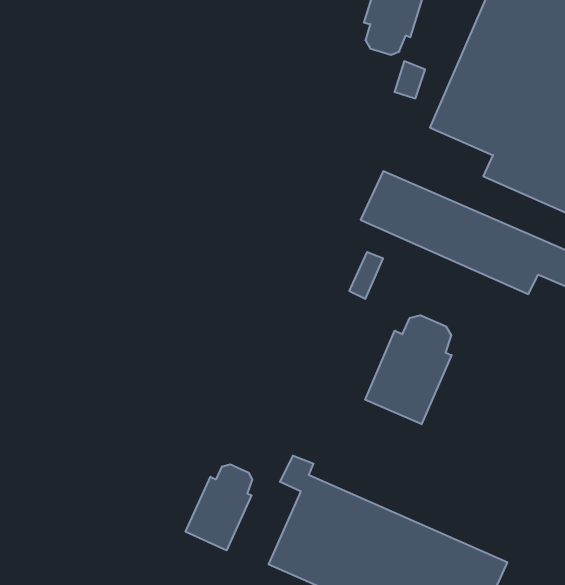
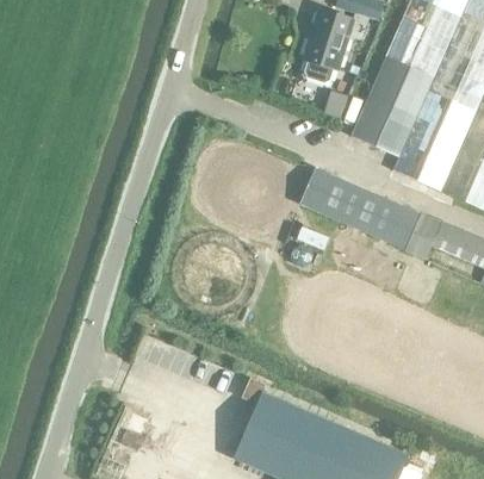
building: [365,315,452,424] -> none
building: [186,464,252,550] -> none

